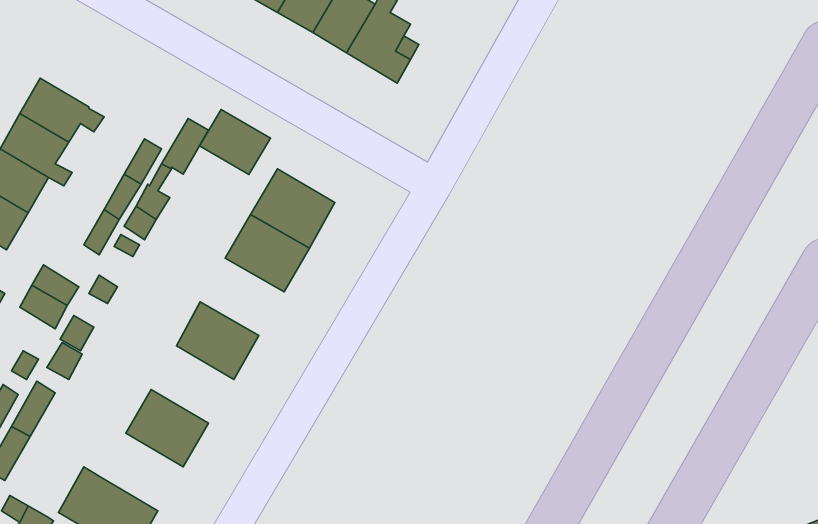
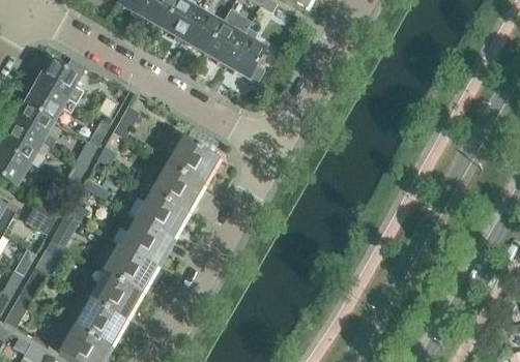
building: none -> [37,54,84,102]
building: [199,110,271,175] -> none
building: none -> [136,190,187,238]
building: none -> [106,244,156,292]
building: none -> [75,294,125,345]

